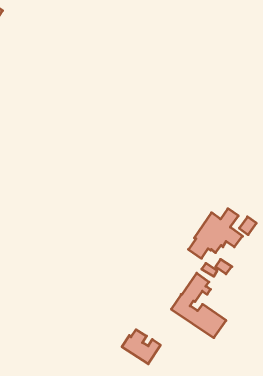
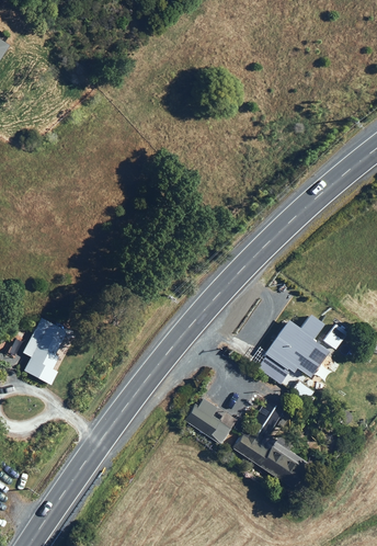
building: none -> [24,318,68,385]
building: [122,330,160,364] -> [185,399,237,445]

